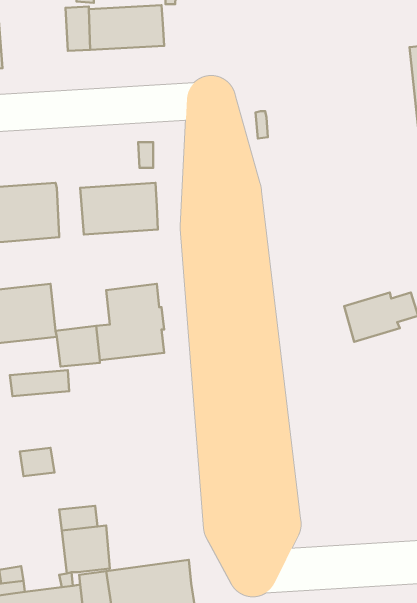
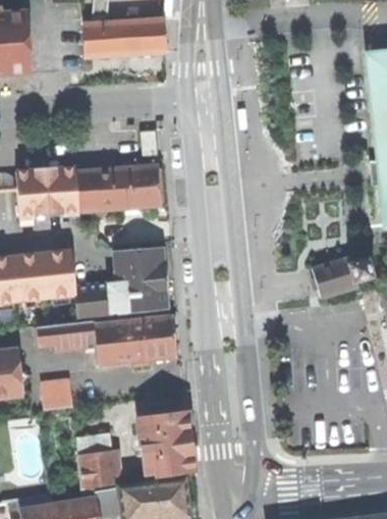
building: none -> [75,169,98,210]
building: none -> [94,316,174,364]
building: none -> [137,413,191,477]

